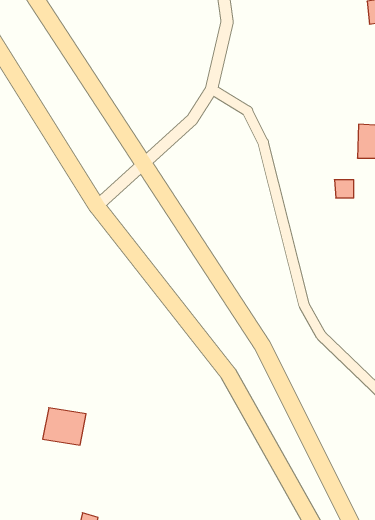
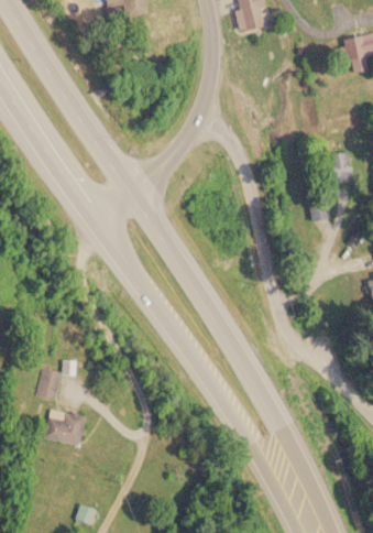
building: none -> [35,369,61,400]

